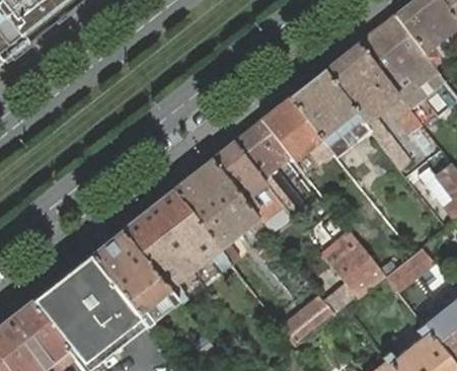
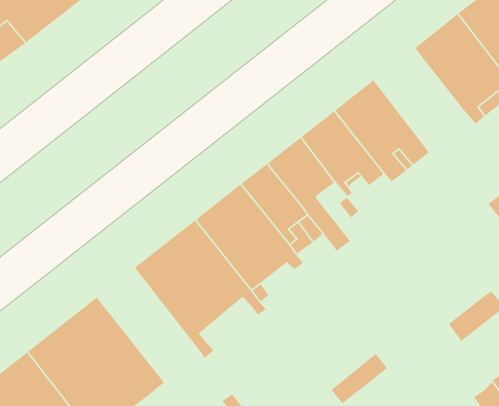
building: [323,45,423,172] -> none
building: [89,230,177,327] -> none
building: [326,233,386,299] -> none

